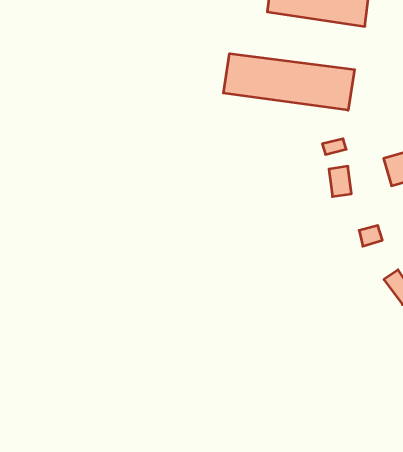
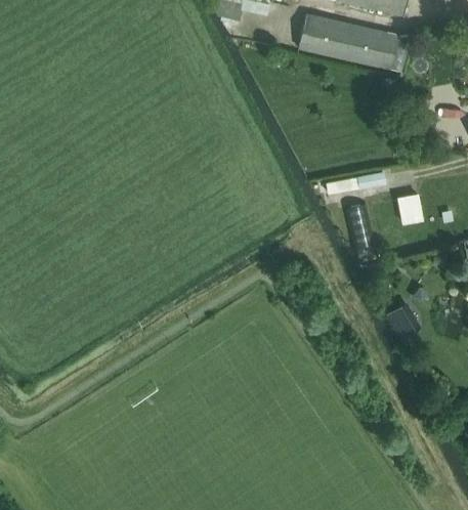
building: [223,54,355,110] -> none

